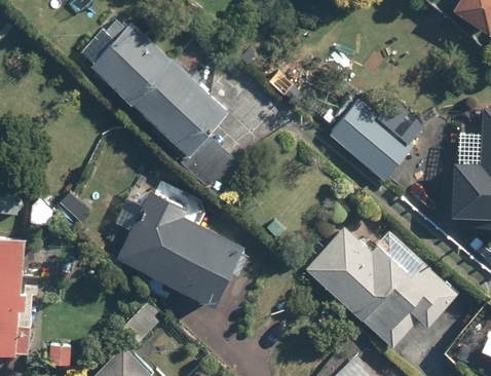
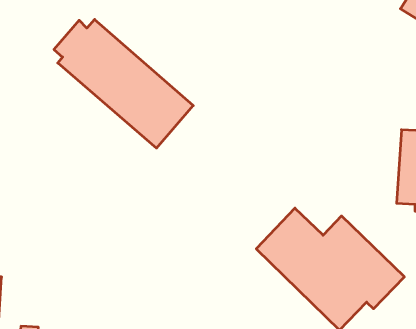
building: [316,88,416,185] -> none
building: [116,198,243,306] -> none

